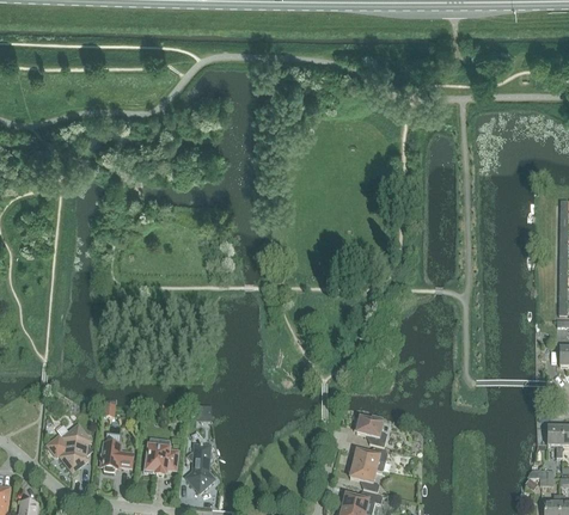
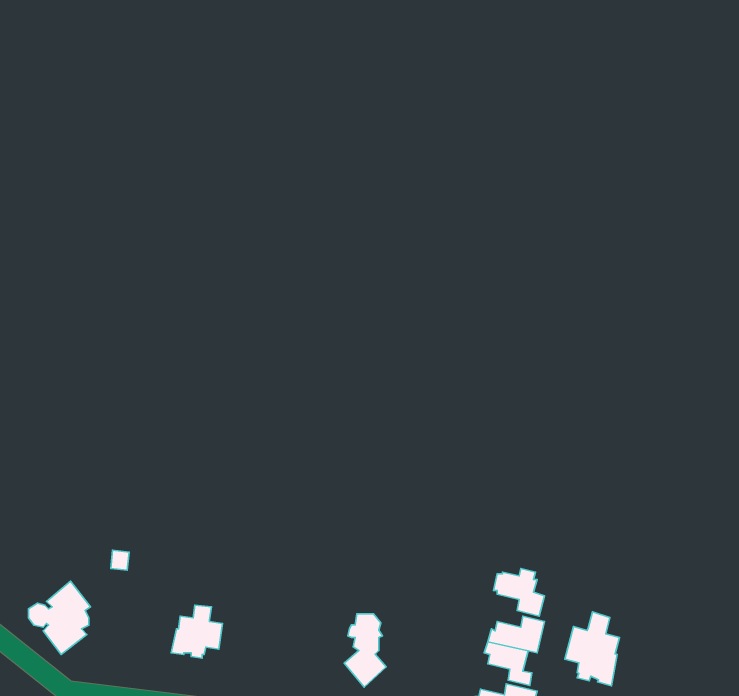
building: [99,441,134,471] -> none
building: none -> [565,612,620,686]
building: [186,443,214,491] -> [344,614,386,687]

